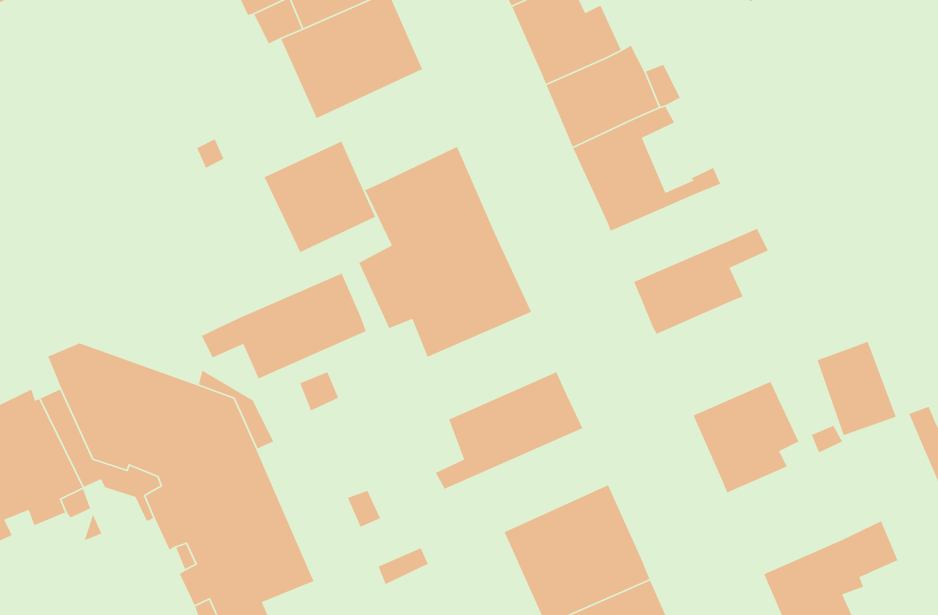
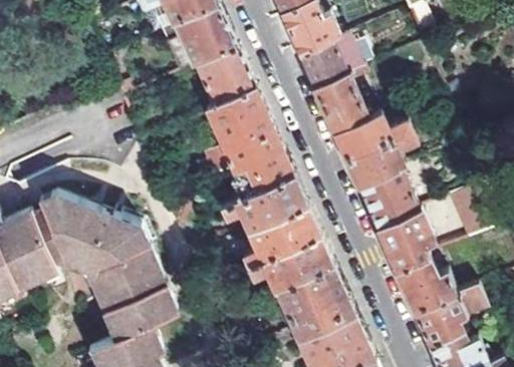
building: [264,141,376,253] -> [195,48,254,107]
building: none -> [334,113,412,159]
building: [201,272,367,379] -> [219,175,306,232]
building: none -> [358,169,419,230]
building: none -> [247,237,333,292]
building: none -> [396,257,456,313]

